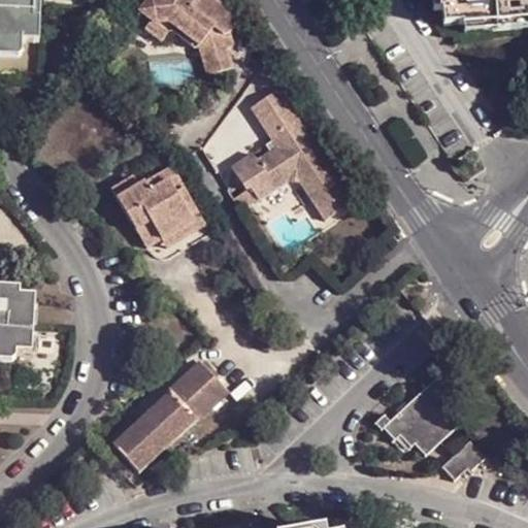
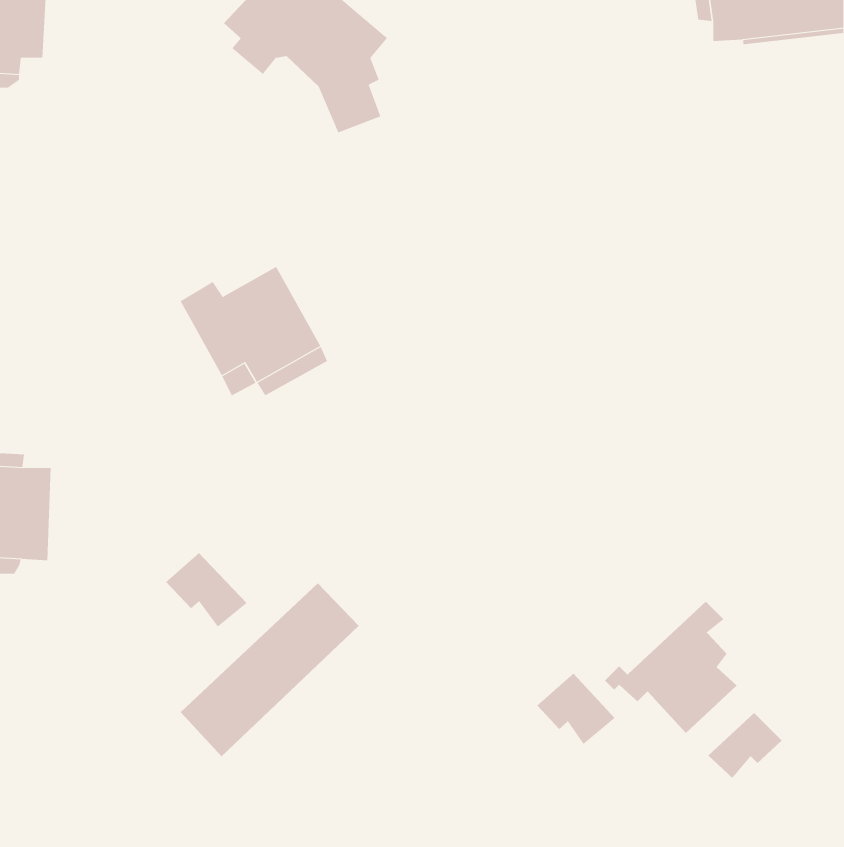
building: [233,96,354,221] -> none
building: none -> [165,552,247,627]
building: none -> [537,673,616,745]

